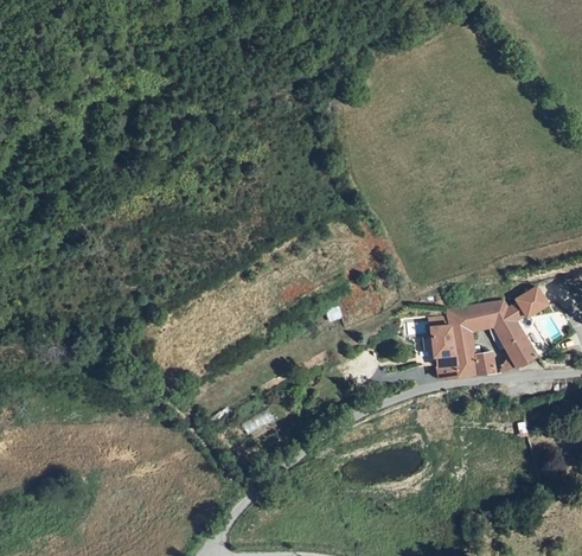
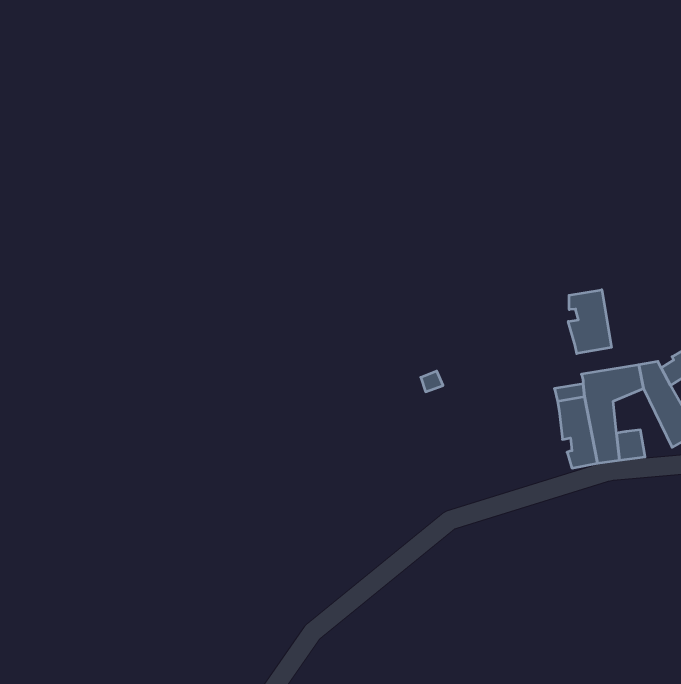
building: none -> [568,290,611,354]

